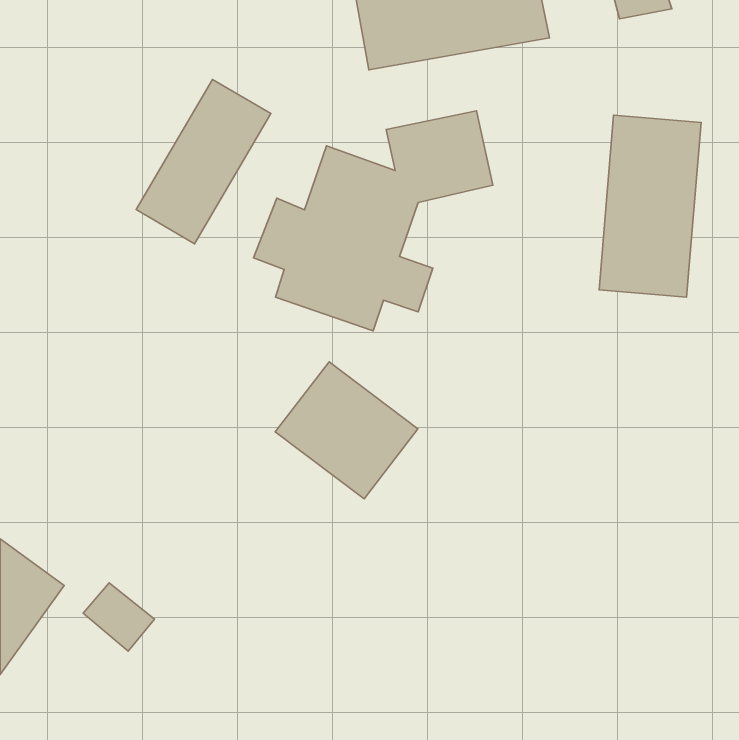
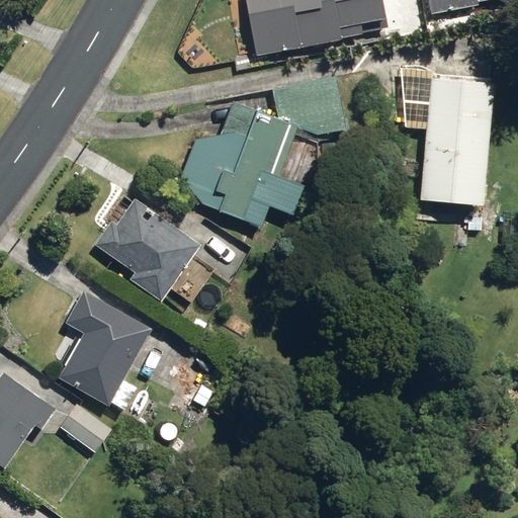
building: [136,79,271,244] -> none
building: [275,362,418,499] -> [97,199,196,294]
building: none -> [60,288,151,405]

